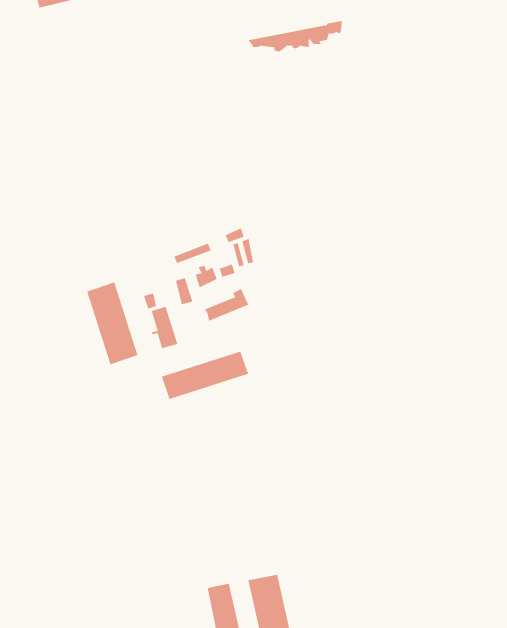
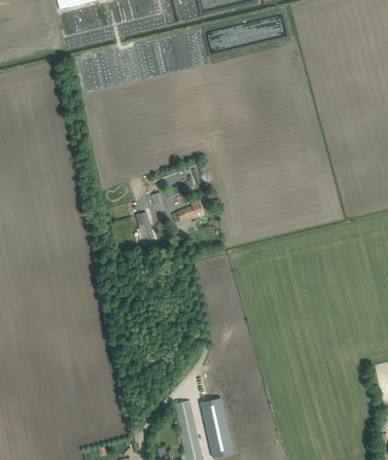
building: [86,281,138,365] -> none
building: [161,351,249,400] -> none

